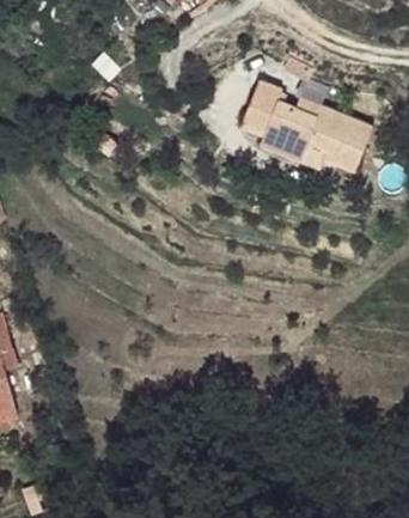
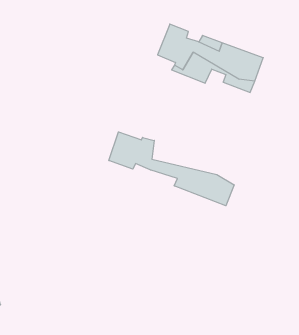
building: none -> [109,132,234,206]

